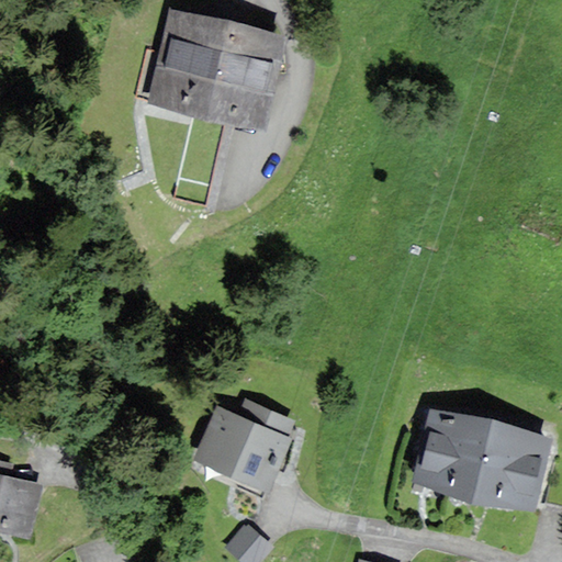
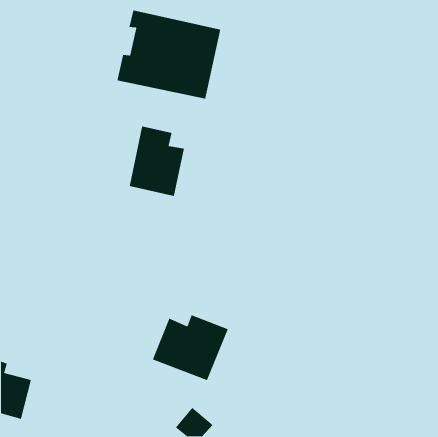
building: none -> [129,126,185,197]
building: [414,409,551,512] -> none

